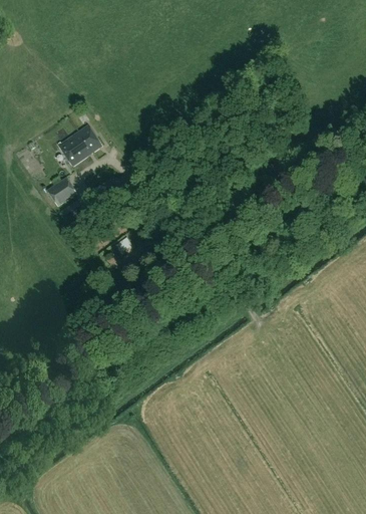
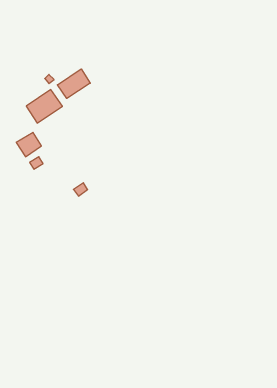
building: none -> [57,69,90,98]

